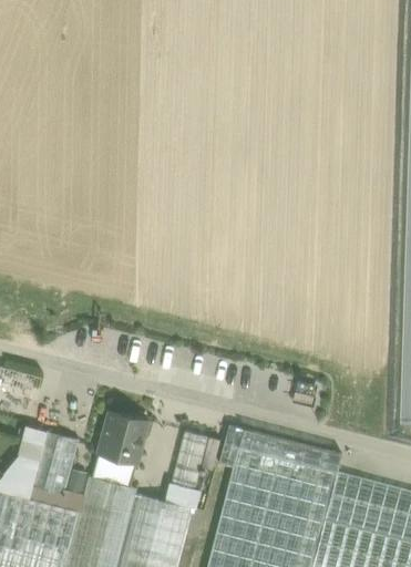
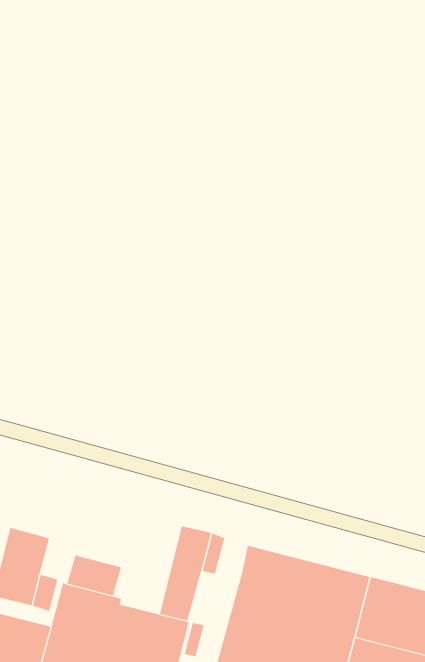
building: [99,410,147,463] -> none
building: [218,424,341,471] -> none

